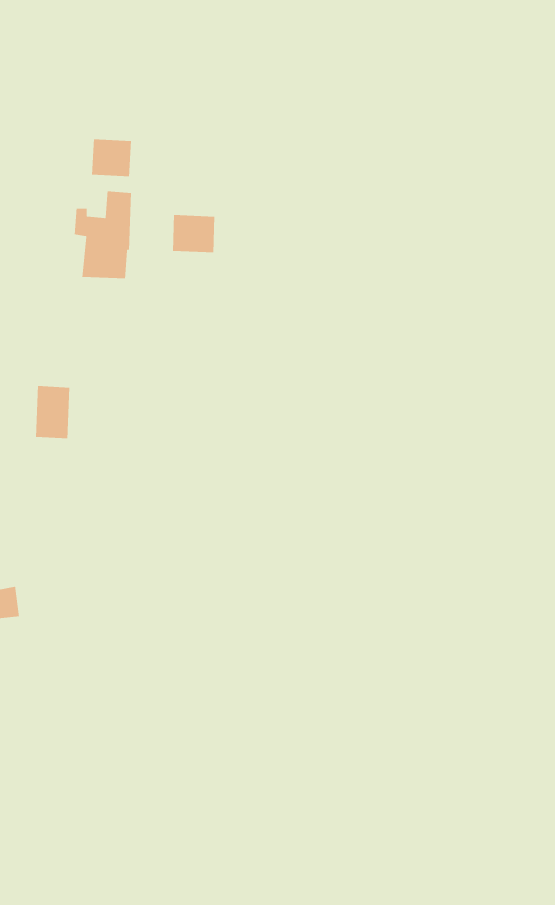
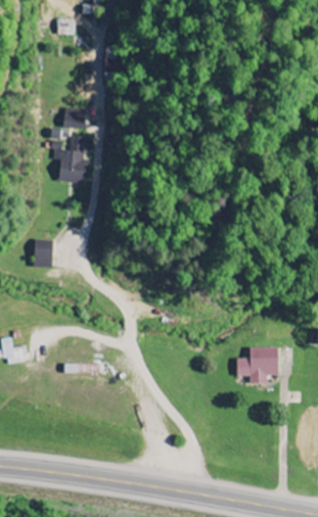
building: [172,214,215,253] -> none
building: none -> [236,346,277,383]

